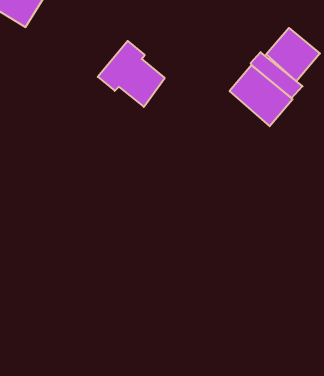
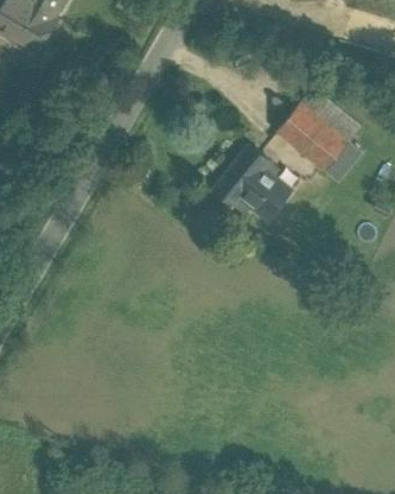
building: [266,28,320,81] -> none
building: [98,41,165,107] -> [214,145,293,223]

